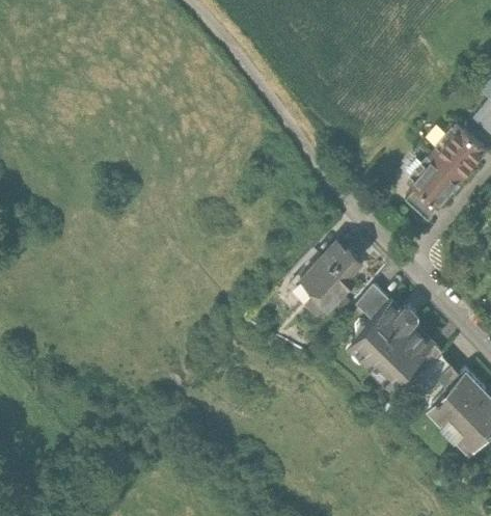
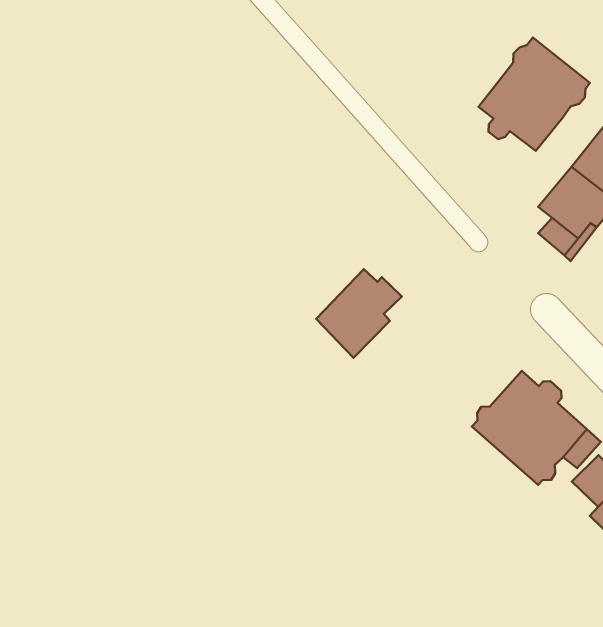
building: none -> [478,37,590,151]
building: [302,241,363,303] -> [316,269,402,358]
building: [355,284,389,319] -> none

